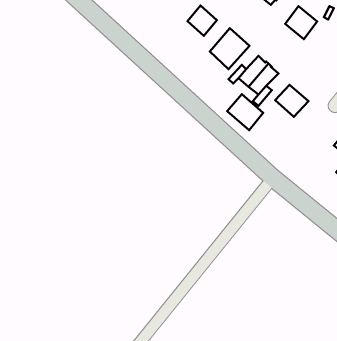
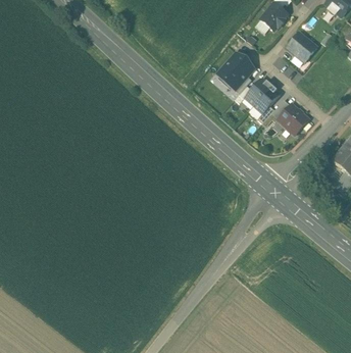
building: [187,5,217,36] -> none
building: [227,94,263,130] -> none

